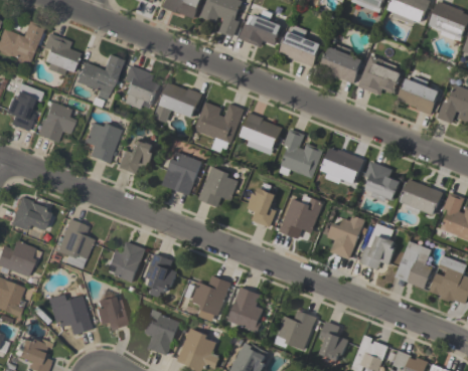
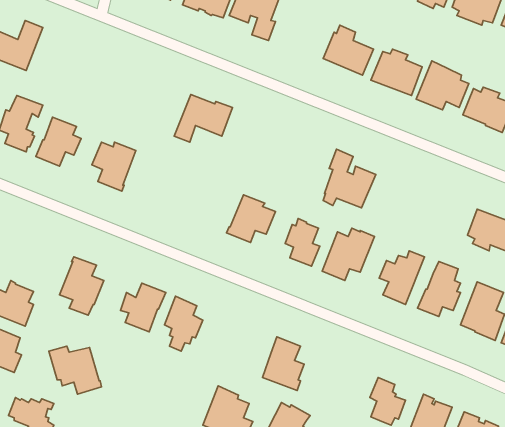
building: [239,9,284,47] -> none
building: [42,33,80,75] -> none
building: [75,54,123,100] -> none
building: [123,65,159,109] -> none
building: [194,102,244,152] -> none
building: [240,113,282,155] -> none
building: [117,139,153,174] -> none
building: [320,148,363,183] -> none
building: [162,152,201,195] -> none
building: [364,160,401,202] -> none
building: [10,197,50,231] -> none
building: [191,275,230,322] -> none
building: [95,297,129,331] -> none
building: [144,309,180,356] -> none
building: [276,310,316,350] -> none

